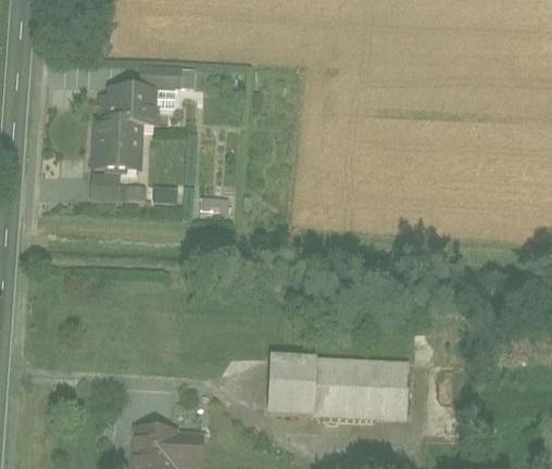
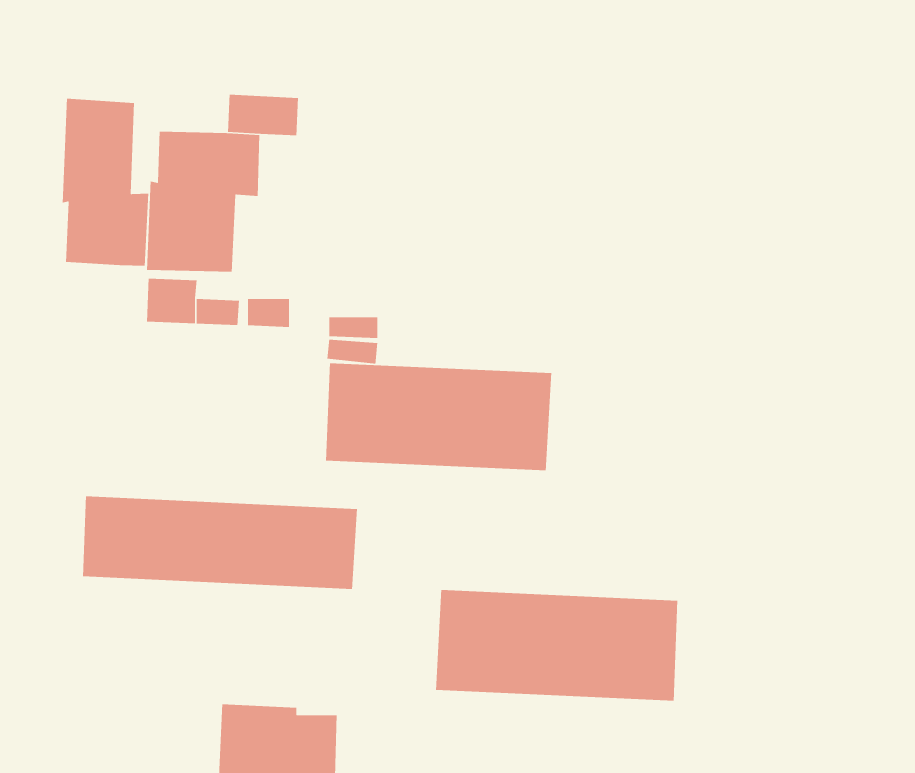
building: none -> [62,98,149,266]
building: none -> [325,362,552,471]
building: none -> [82,495,358,590]

